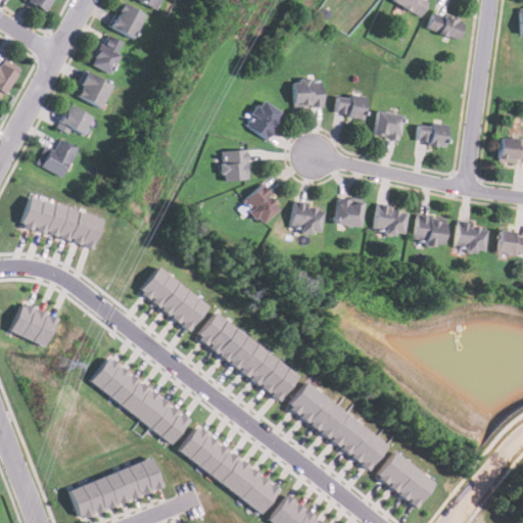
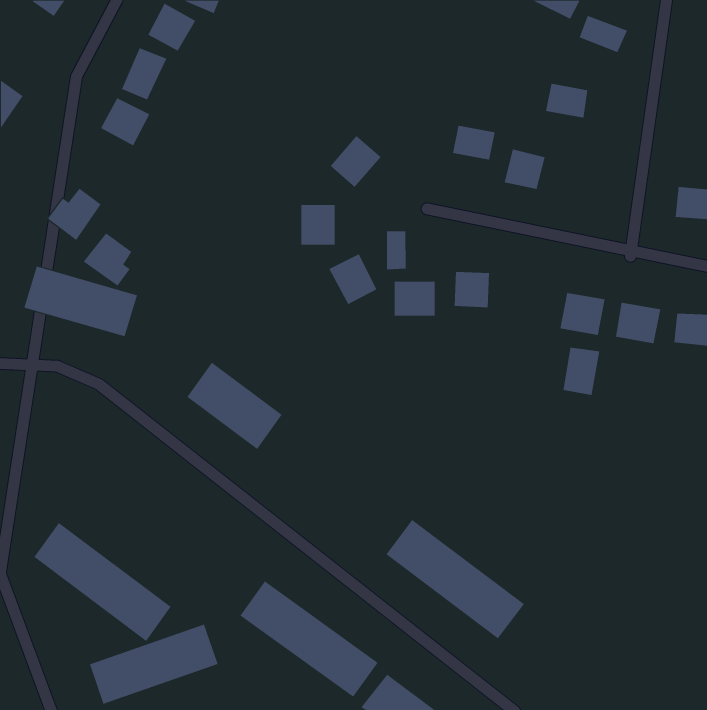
building: [293,79,323,108] -> none
building: [58,104,94,135] -> none
building: [416,122,447,147] -> [545,83,588,118]
building: none -> [386,231,406,270]
building: none -> [83,232,132,287]
building: [375,205,407,235] -> none
building: none -> [563,347,600,396]
building: [10,301,59,347] -> none
building: [198,313,299,400] -> none
building: [91,356,192,444] -> [34,522,171,642]
building: [375,451,435,508] -> none

